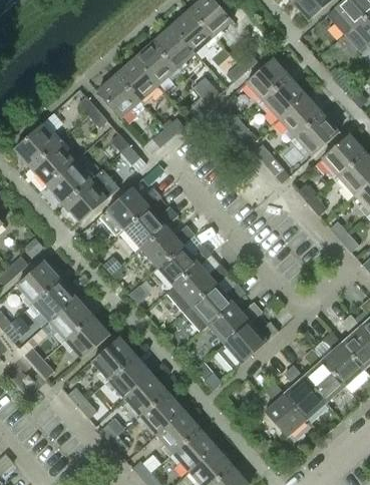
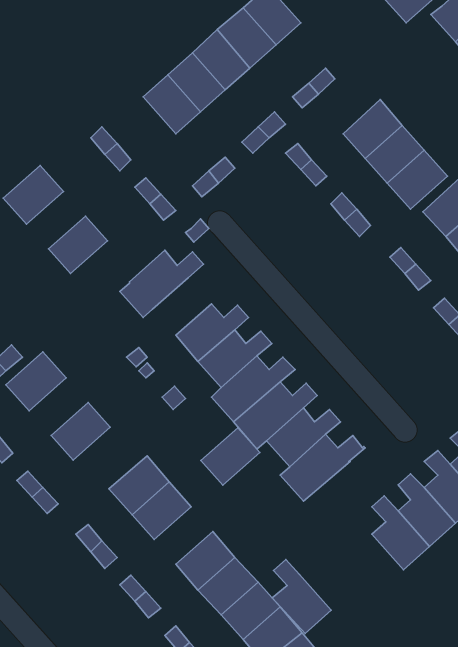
building: [246,58,290,101] -> none
building: [97,74,140,118] -> none
building: [31,143,74,185] -> none
building: [63,168,119,222] -> none
building: [123,206,176,249] -> none
building: [33,280,76,322] -> none
building: [65,316,109,359] -> none
building: [124,374,167,416] -> [201,428,260,485]
building: [264,383,307,437] -> [272,559,331,633]

